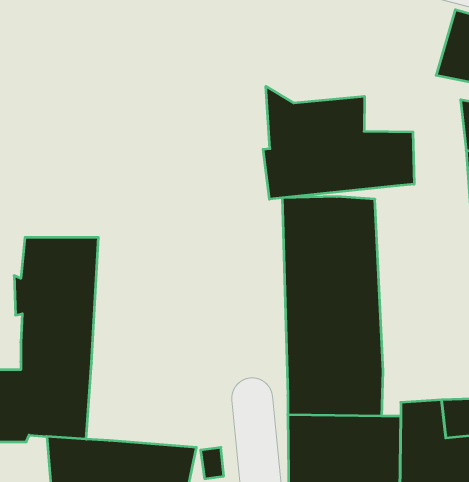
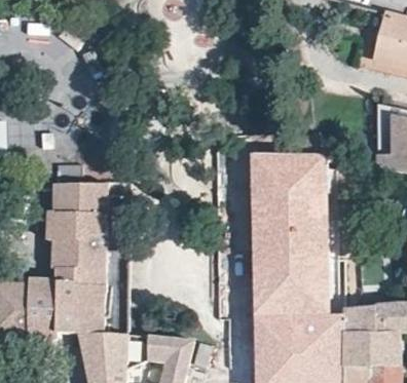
building: [263,86,414,199] -> none

